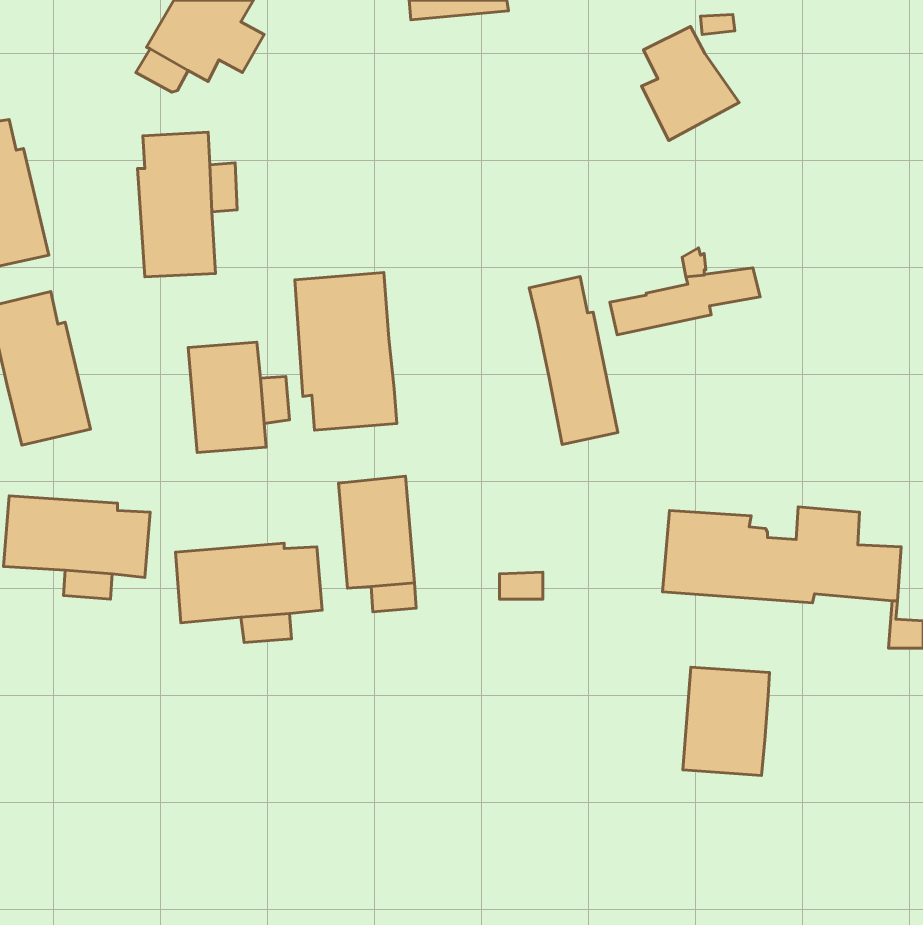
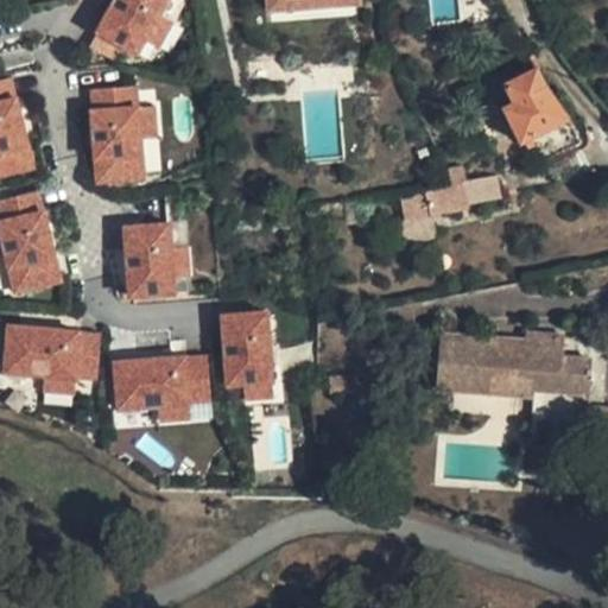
building: [642,26,739,140] -> [504,68,568,142]
building: [295,272,397,430] -> none
building: [529,277,618,444] -> none
building: [683,667,770,776] -> none

